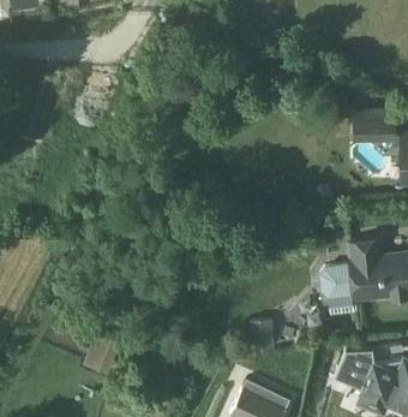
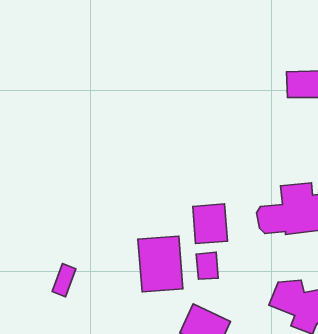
building: none -> [193,204,227,244]
building: none -> [138,236,183,292]

